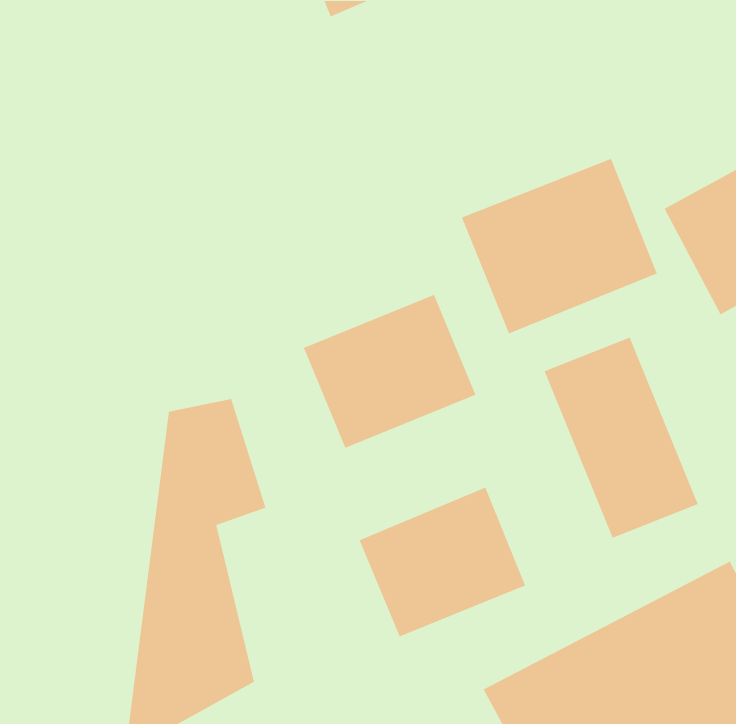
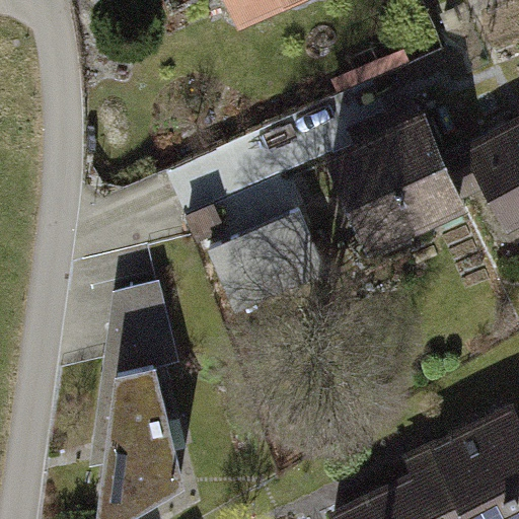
building: [544,336,699,539] -> none
building: [359,486,526,637] -> none

